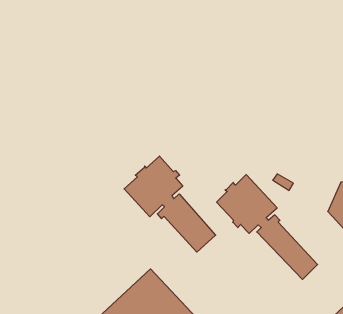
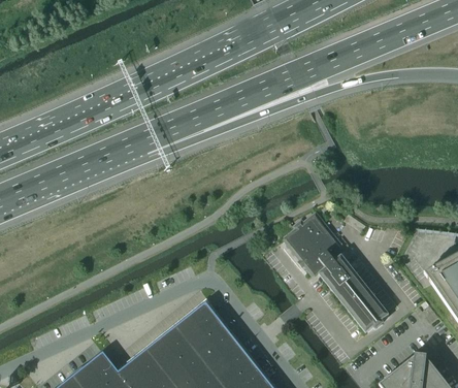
building: [124,156,216,252] -> none

